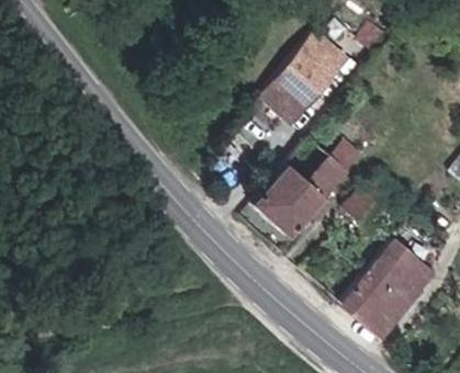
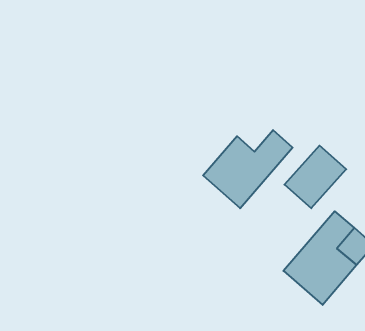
building: [261,32,349,123] -> none

